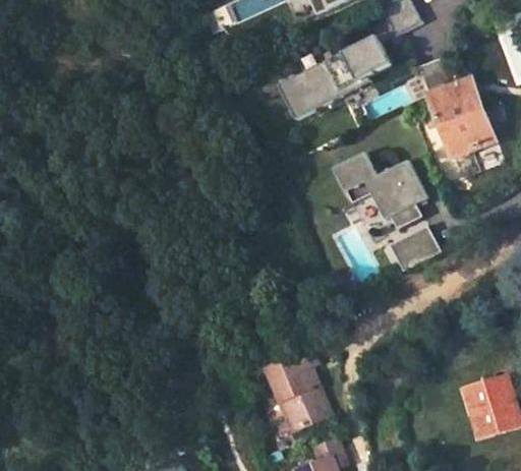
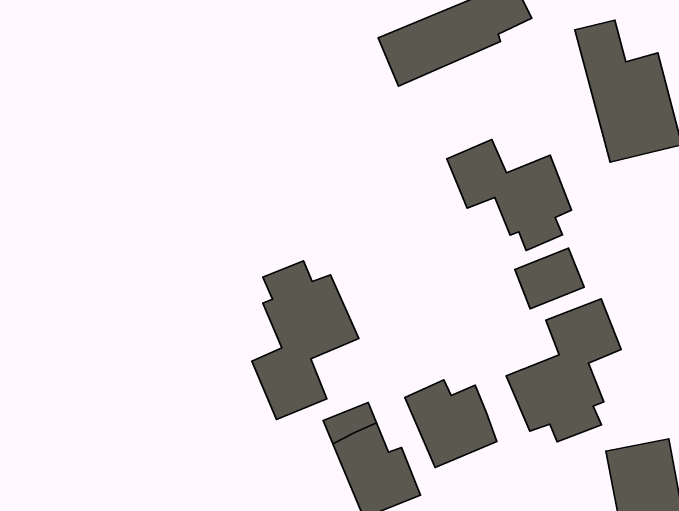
building: none -> [252,261,359,419]
building: none -> [506,299,621,442]
building: none -> [405,380,497,467]

